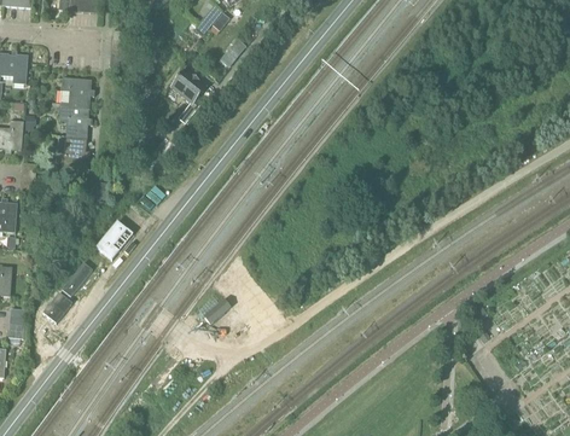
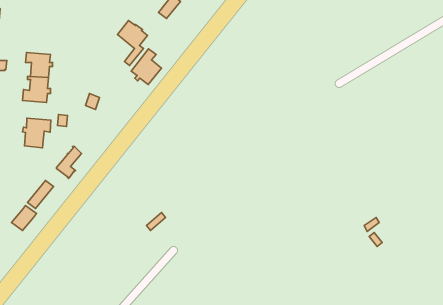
building: [60,77,94,110] -> none
building: none -> [131,49,162,84]
building: none -> [23,118,51,148]

